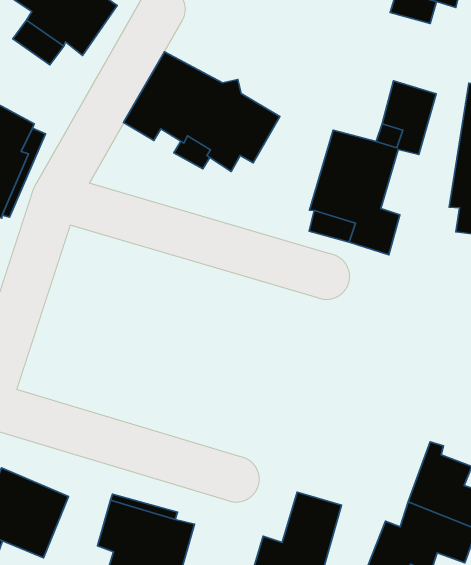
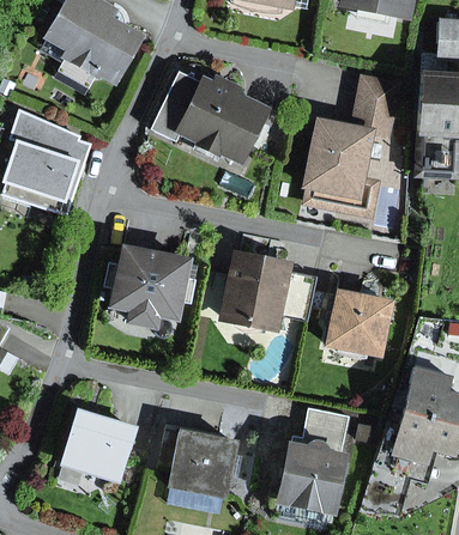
building: none -> [104,249,195,324]
building: none -> [224,255,314,327]
building: none -> [327,292,389,354]

